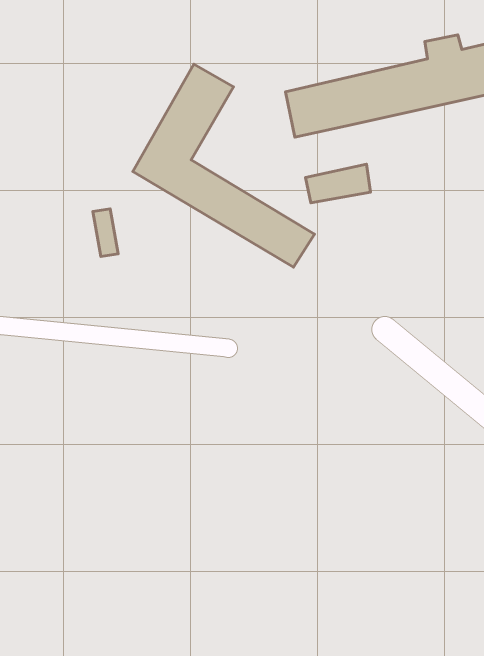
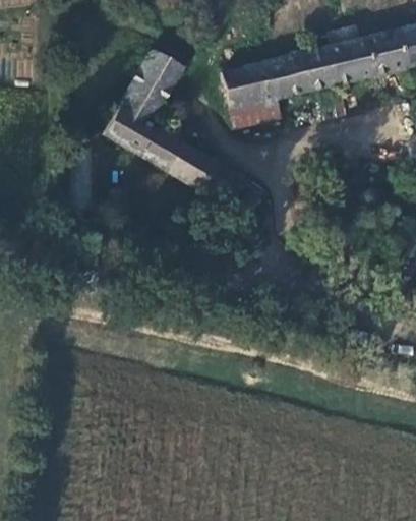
building: [306,164,371,203] -> [229,96,279,125]

